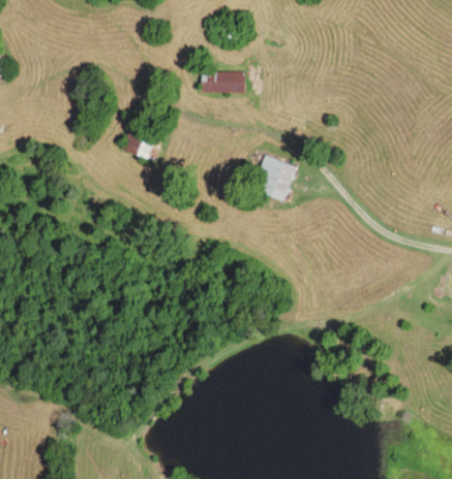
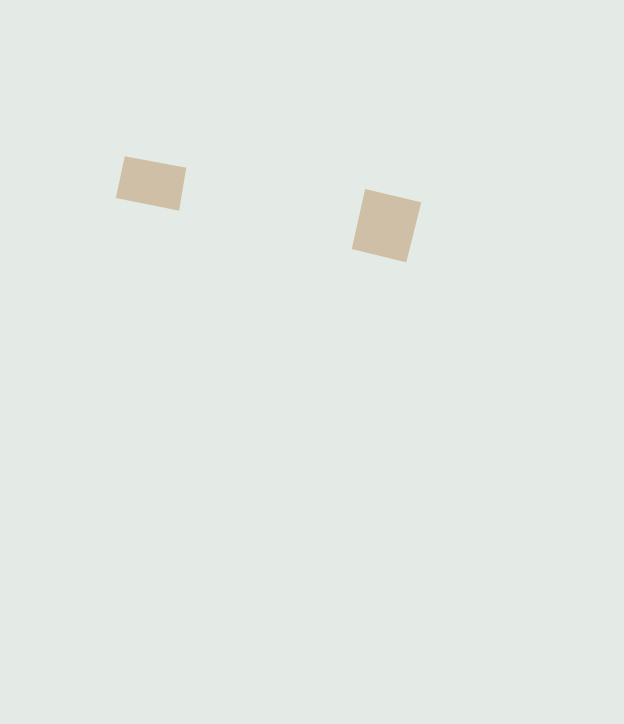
building: [202,72,245,93] -> none

